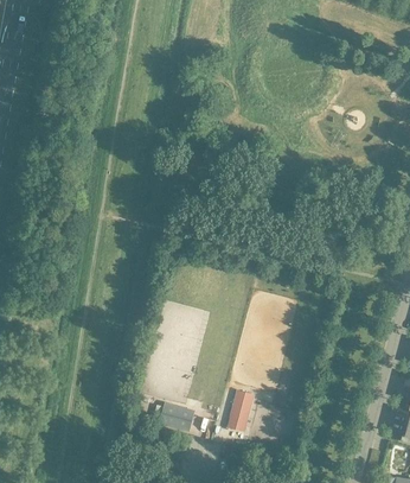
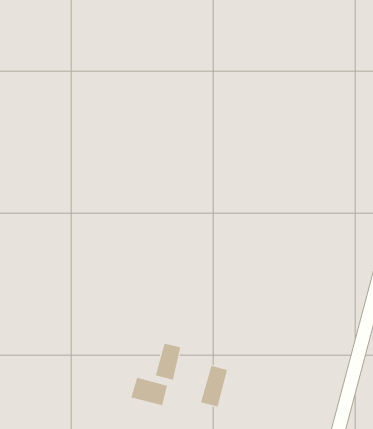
building: none -> [155,343,181,380]

